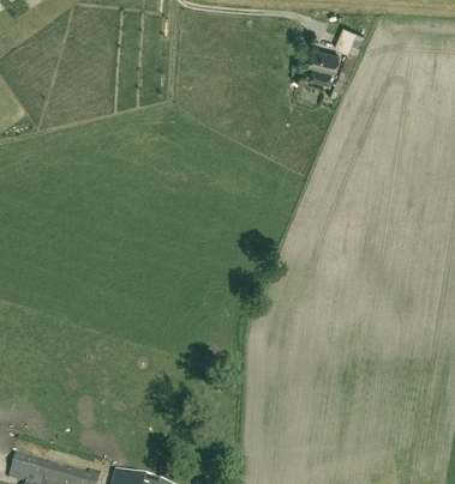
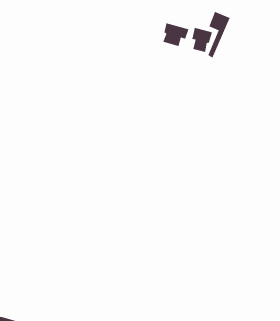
building: none -> [162,23,189,47]

